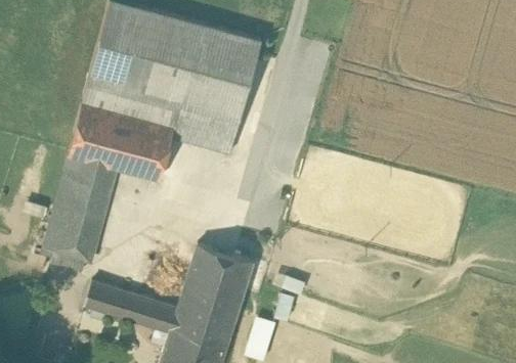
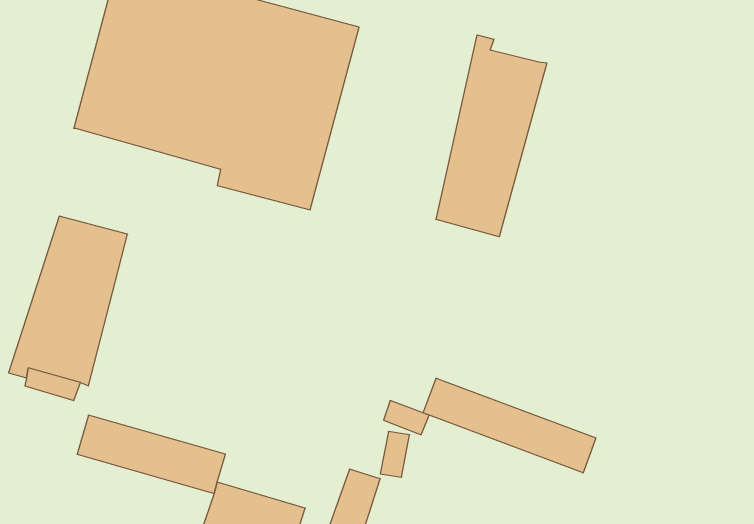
building: none -> [436,35,547,237]
building: [70,103,175,182] -> none
building: [173,245,253,342] -> none
building: none -> [423,378,596,473]

